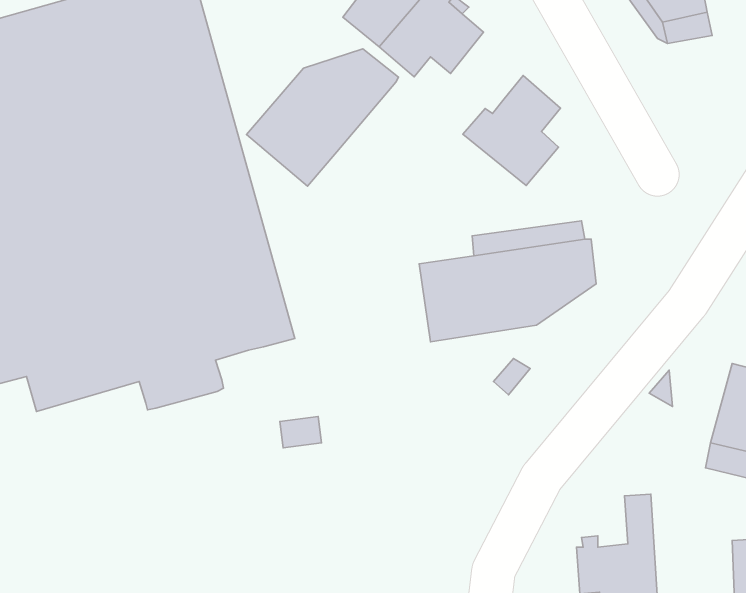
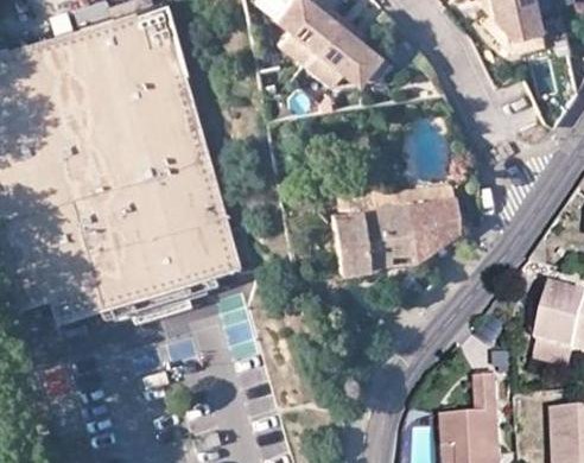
building: [246,49,398,186] -> none
building: [463,76,561,185] -> none

